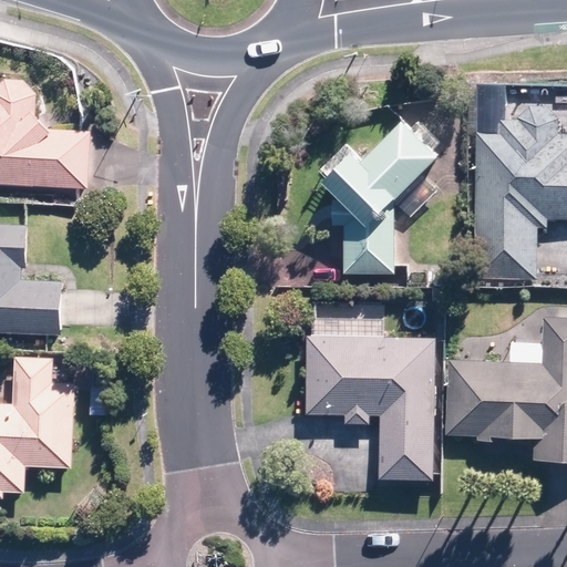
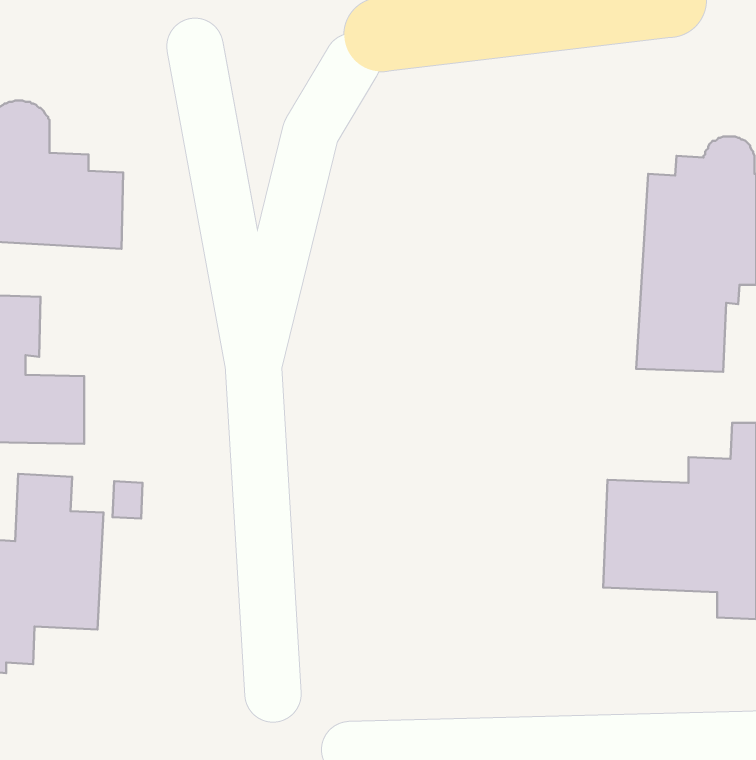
building: [317,120,442,272] -> none
building: [302,333,434,480] -> none

